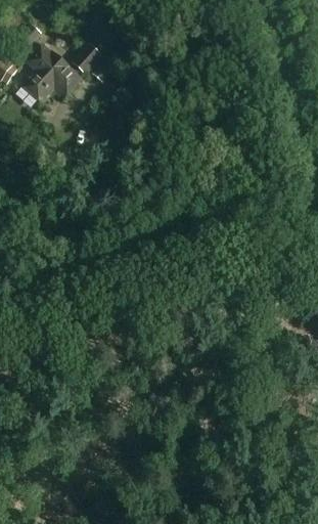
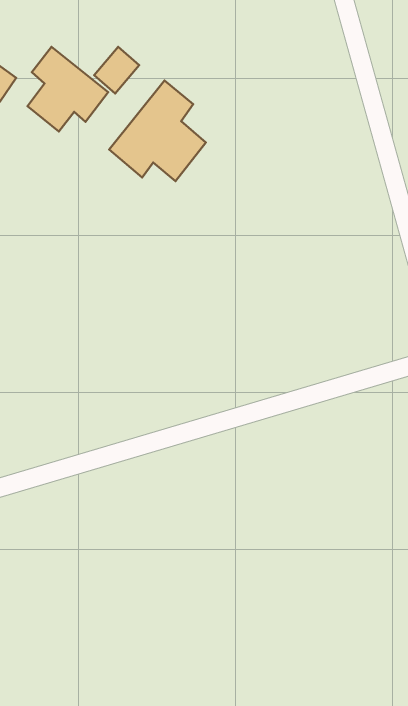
building: none -> [109,81,206,181]

